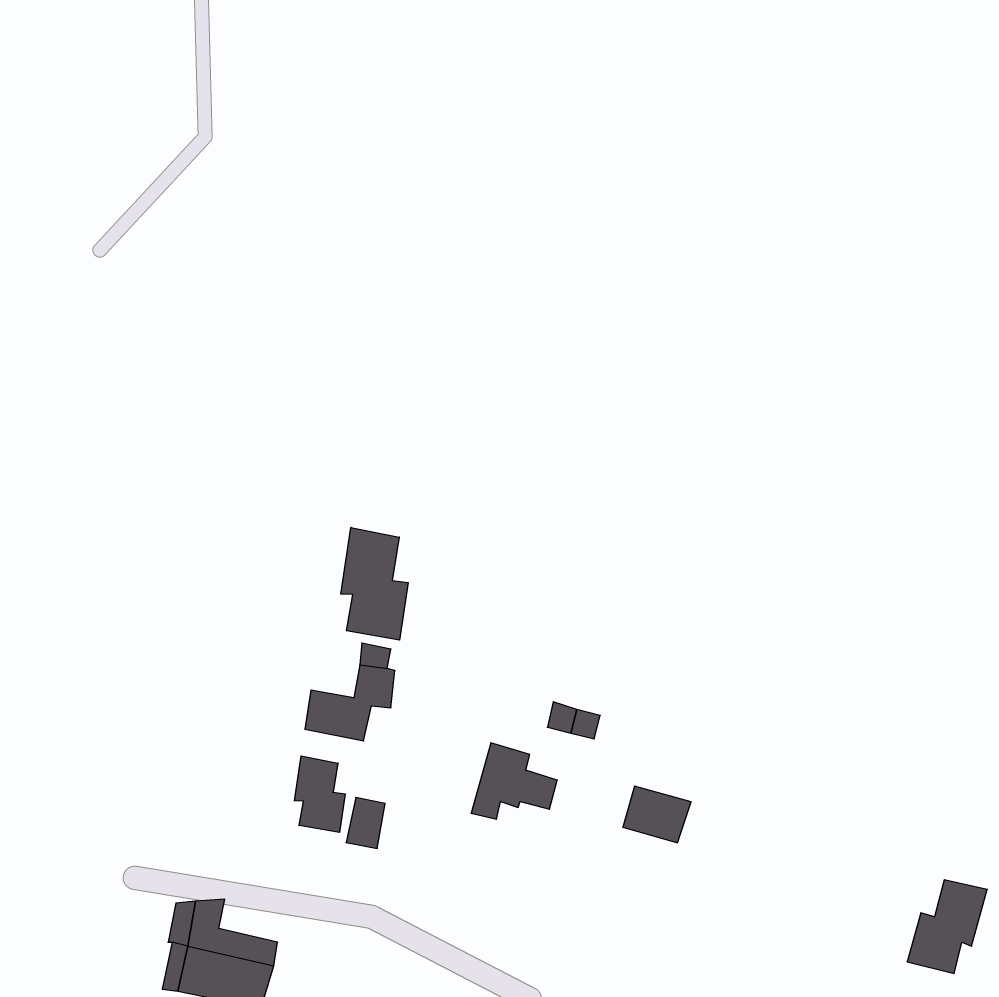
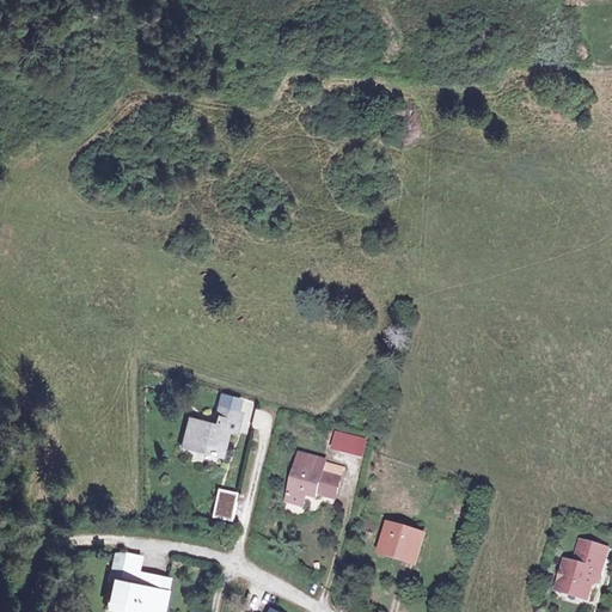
building: [341,527,408,640] -> none
building: [294,756,345,832] -> none
building: [623,786,691,843] -> [384,526,426,561]

